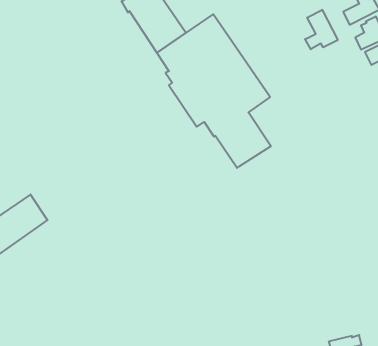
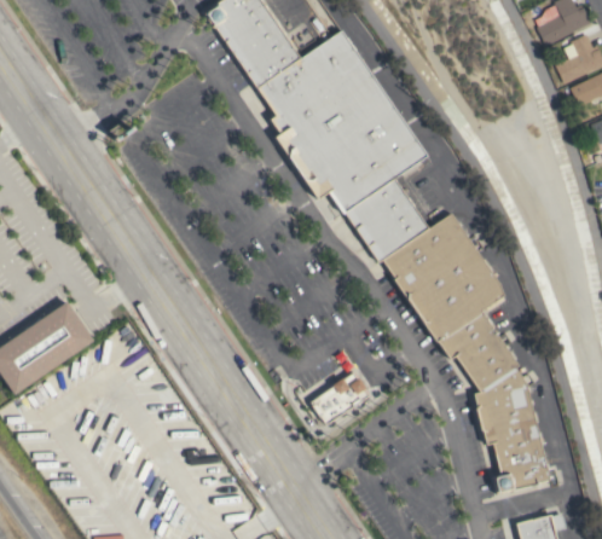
building: [305,10,338,49] -> none
building: none -> [381,214,549,494]
building: none -> [309,372,370,425]

